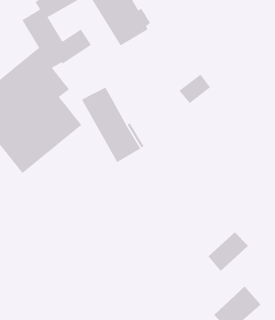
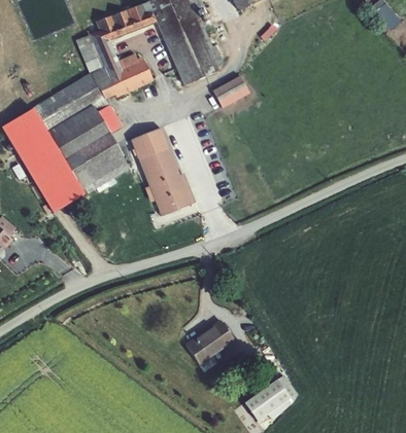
building: [178,74,211,104] -> [211,75,248,107]
building: [207,231,249,272] -> [185,322,234,365]

